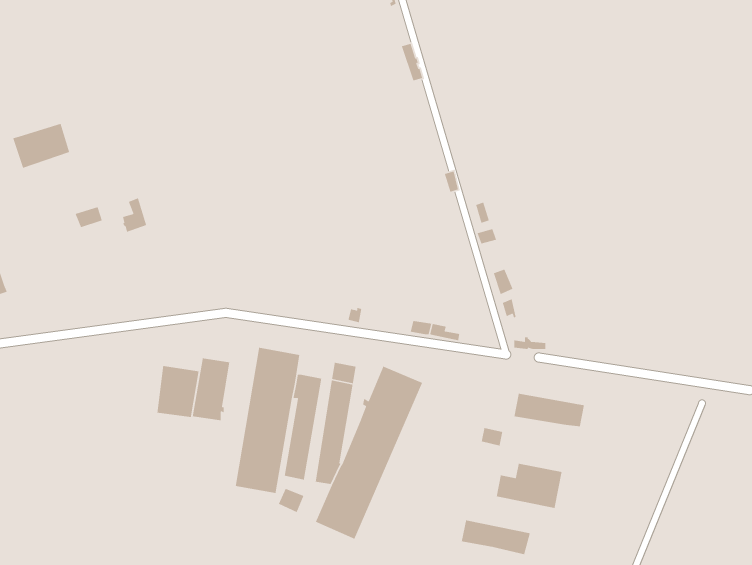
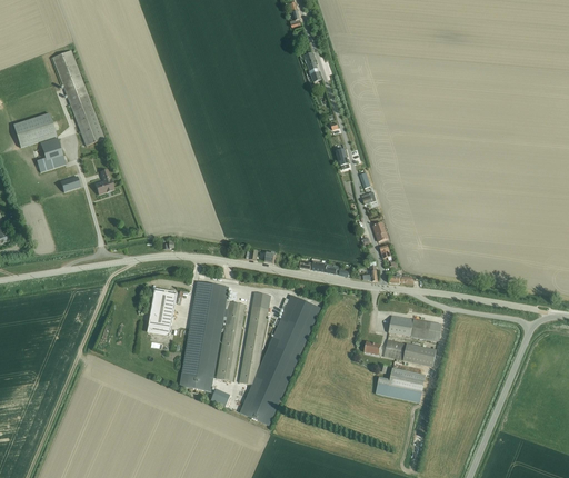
building: none -> [51,49,104,145]
building: none -> [36,136,64,171]
building: [156,365,199,418] -> none
building: [461,519,531,555] -> [383,339,436,366]

